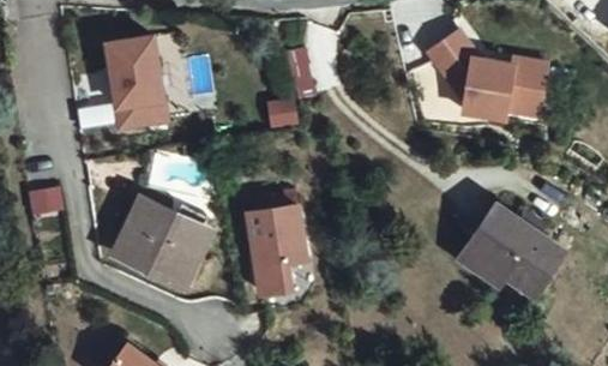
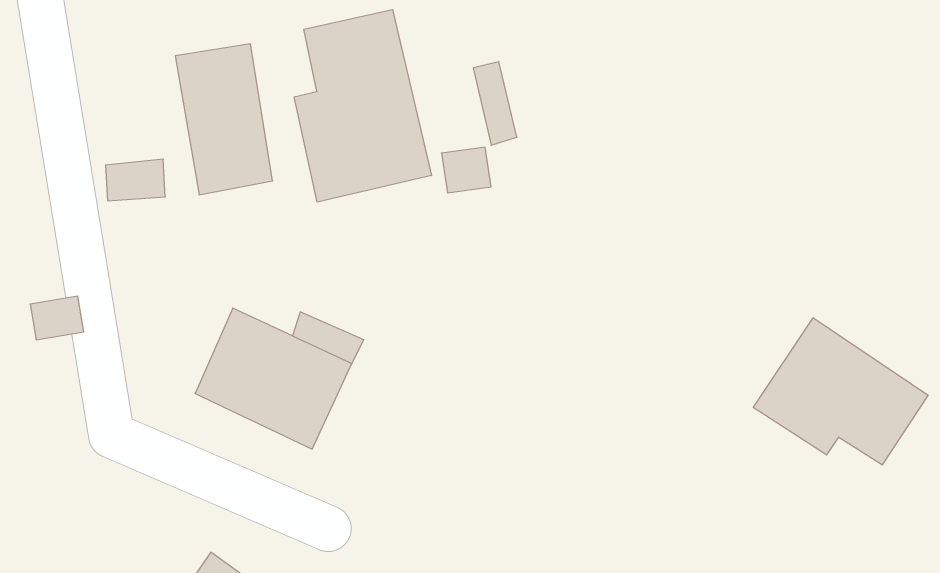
building: none -> [294,10,431,202]
building: [426,34,543,122] -> none
building: [251,203,308,293] -> none

